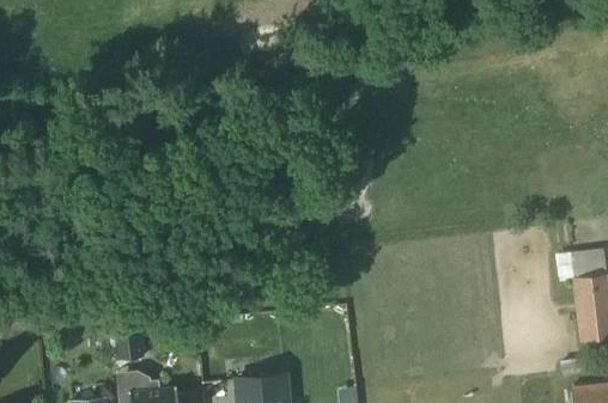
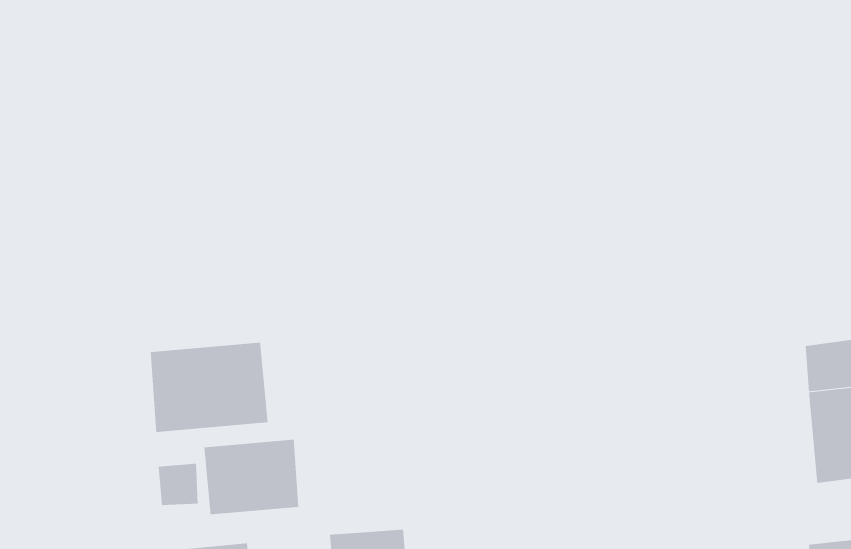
building: none -> [150,342,268,433]
building: none -> [204,439,299,515]

